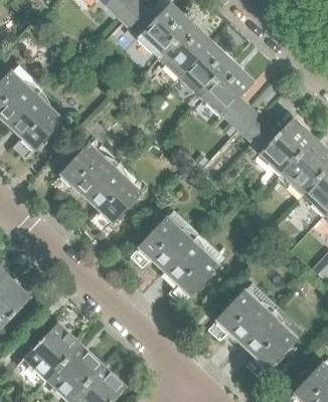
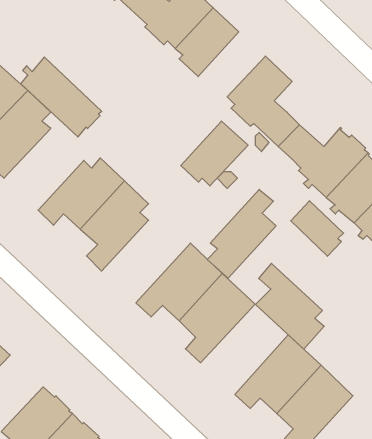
building: [179,43,232,94] -> [181,121,248,186]
building: none -> [21,57,102,137]
building: none -> [207,189,276,278]
building: none -> [291,201,344,256]
building: none -> [256,263,324,349]

